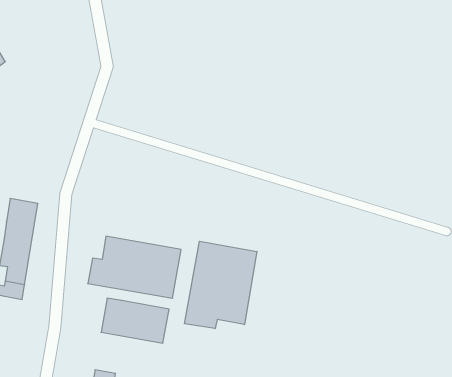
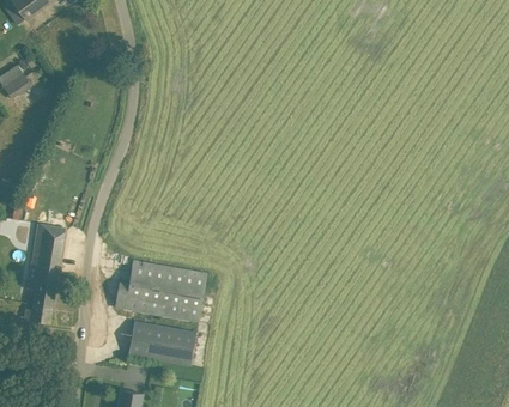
building: [185,241,257,329] -> none

